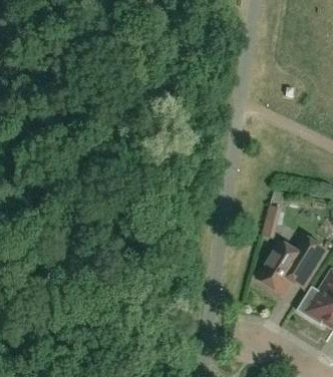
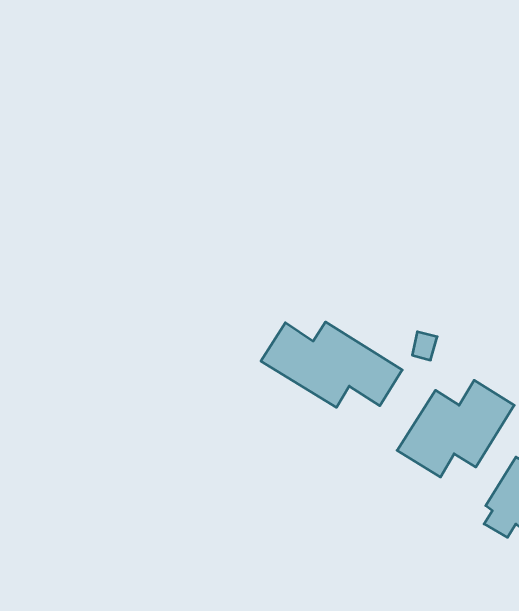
building: none -> [261,322,402,407]

